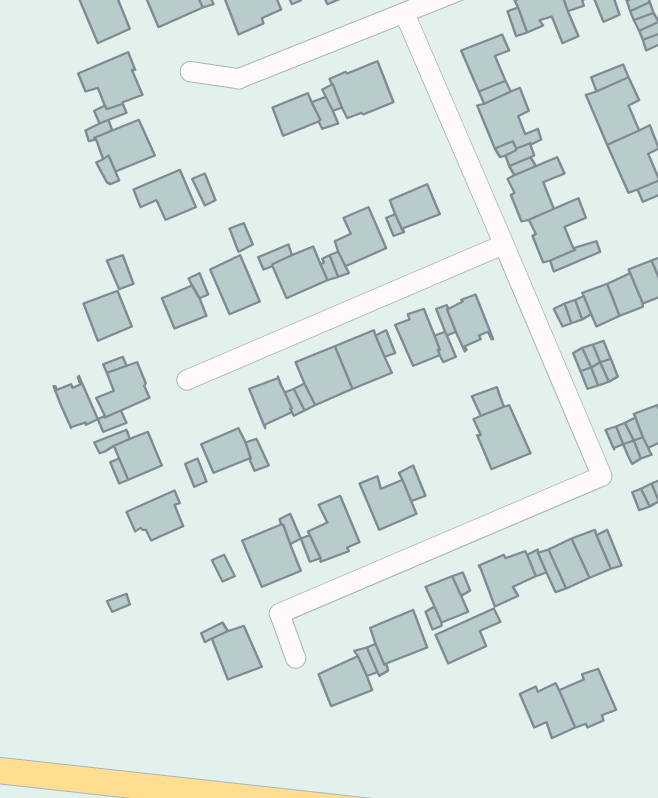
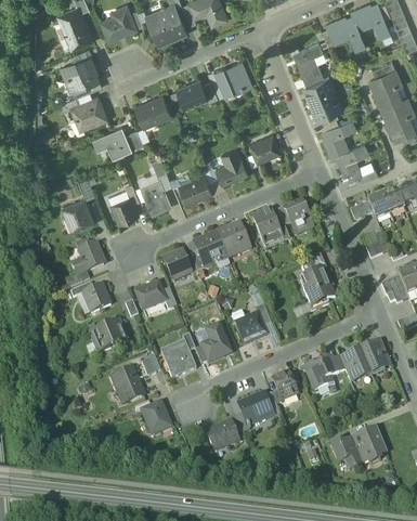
building: none -> [135,93,171,126]
building: [53,376,98,428] -> none
building: none -> [113,366,144,403]
building: [436,608,500,663] -> none

